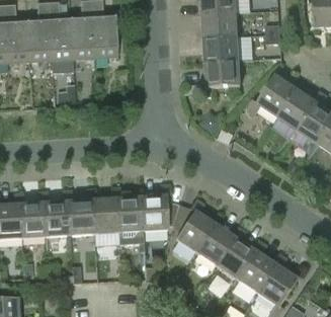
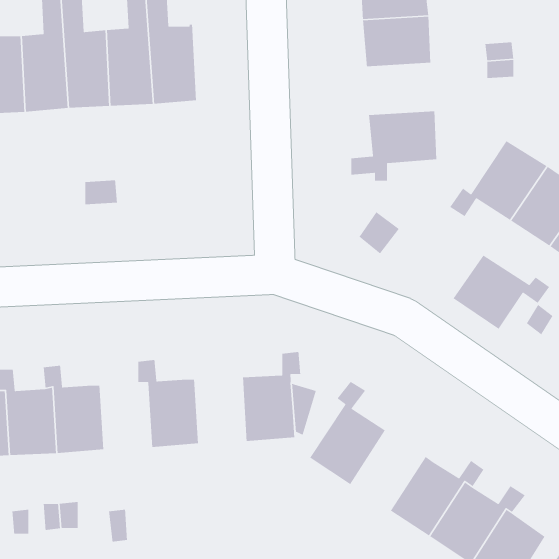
building: [204,36,240,63] -> none
building: none -> [453,255,550,330]
building: [111,187,143,243] -> none
building: [63,190,94,235] -> none
building: [196,225,245,266] -> none

